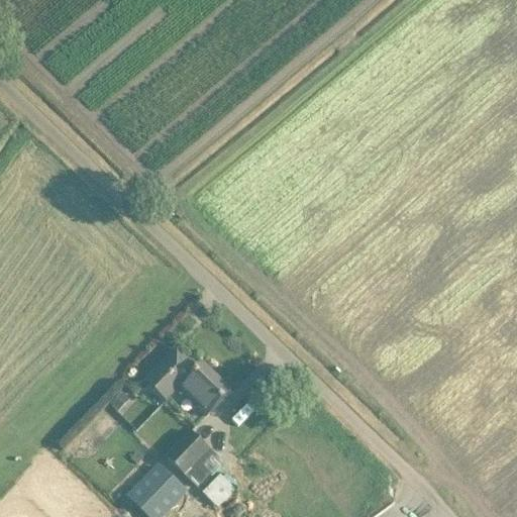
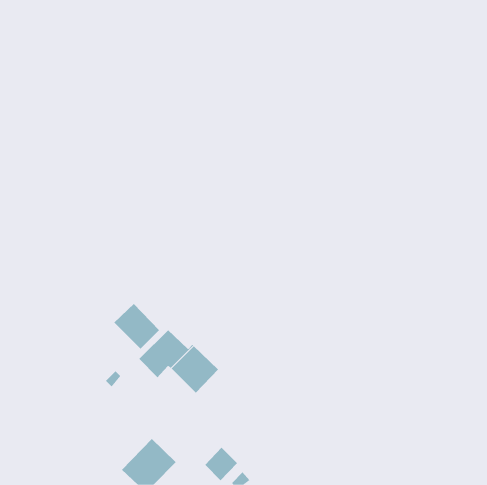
building: none -> [113,303,160,349]
building: [167,429,223,486] -> none

